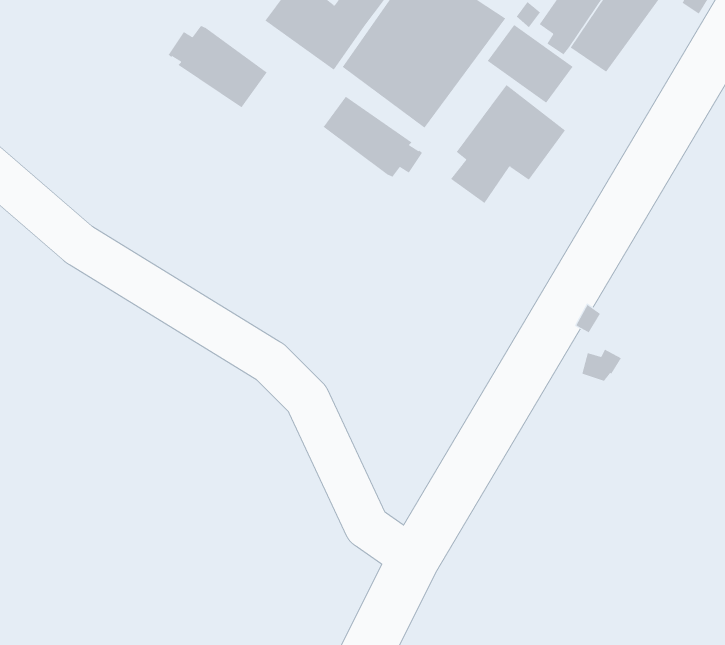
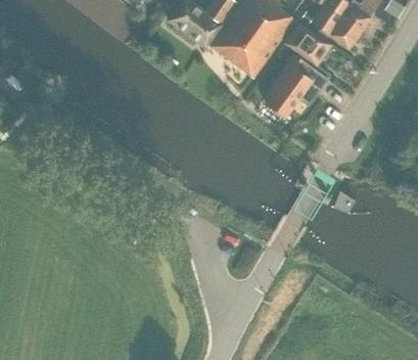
building: [168,25,267,108] -> none
building: [323,96,423,177] -> none

